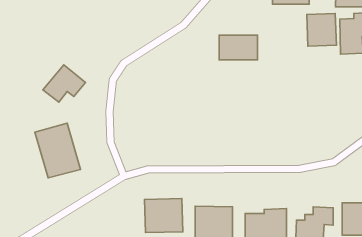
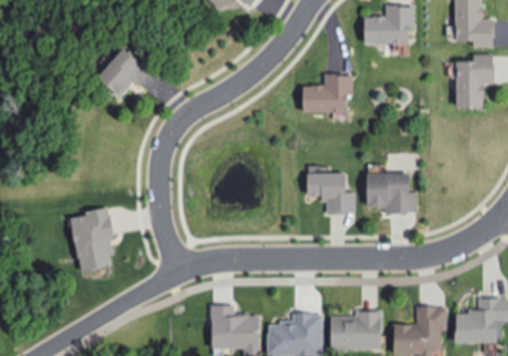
building: [307,13,336,46] -> none
building: [43,65,85,102] -> [103,47,158,96]
building: none -> [305,174,353,214]
building: none -> [367,174,411,215]

